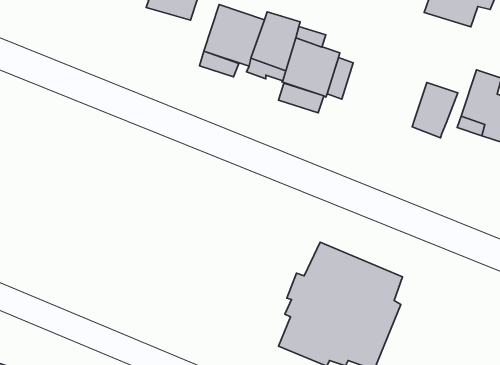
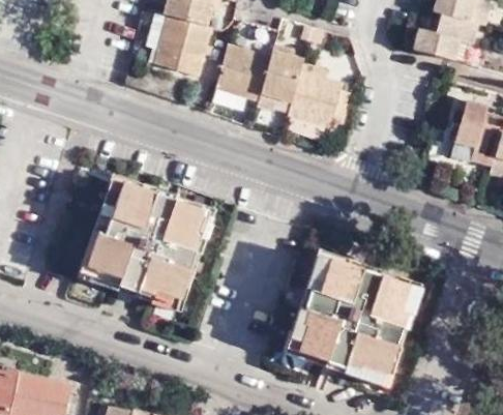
building: [412,83,458,138] -> none
building: none -> [88,177,201,293]

